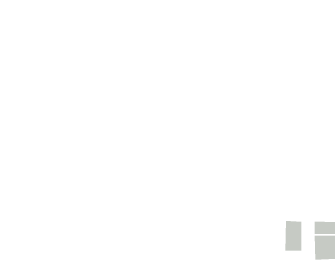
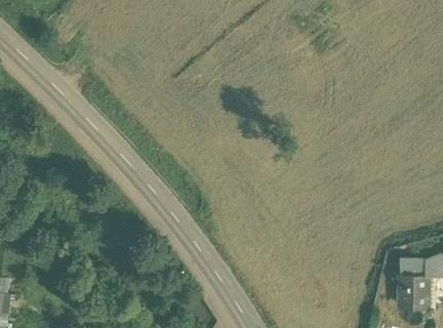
building: [285,220,302,251] -> none

